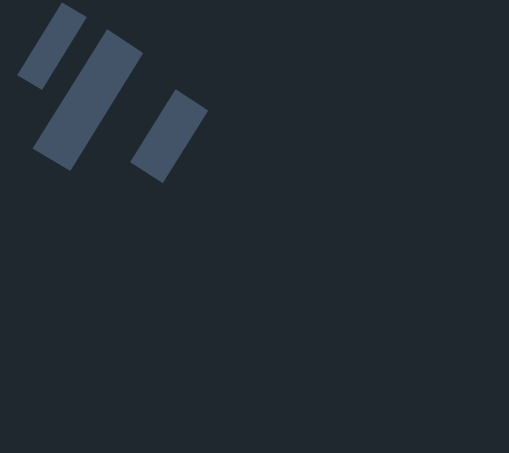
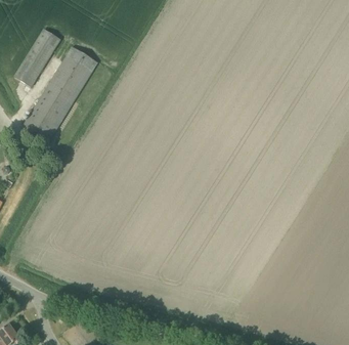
building: [129,88,209,184] -> none

